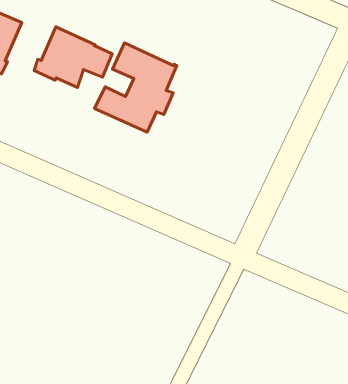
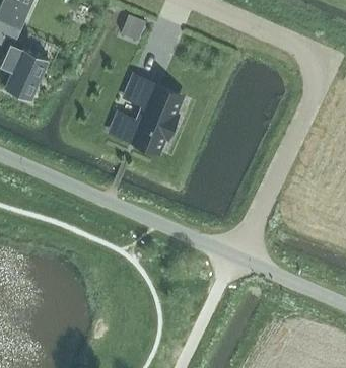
building: [34,27,112,87] -> none

